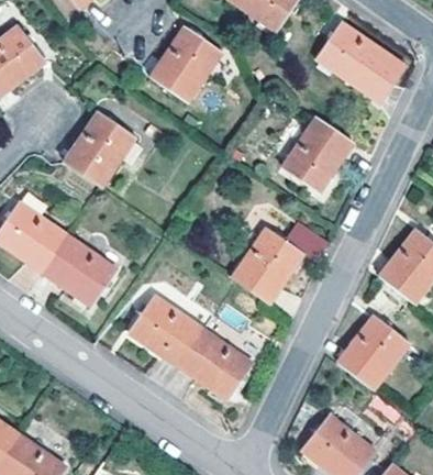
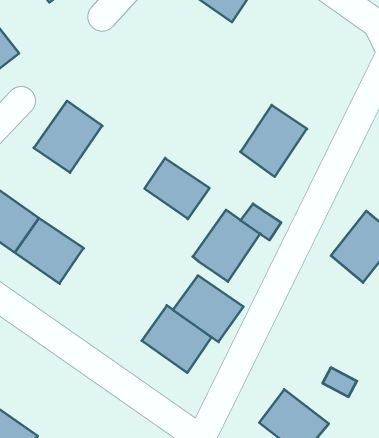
building: [317,21,406,102] -> none
building: [153,27,223,103] -> none
building: none -> [145,158,209,219]
building: [130,296,204,366] -> [173,276,243,342]
building: [336,314,408,390] -> none

